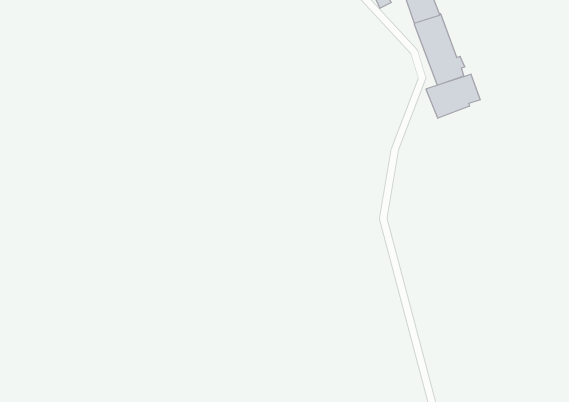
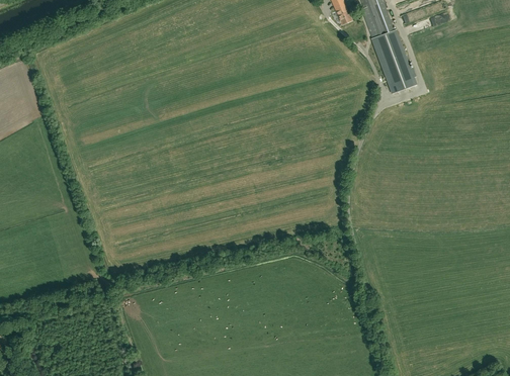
building: [426,74,480,118] -> none

